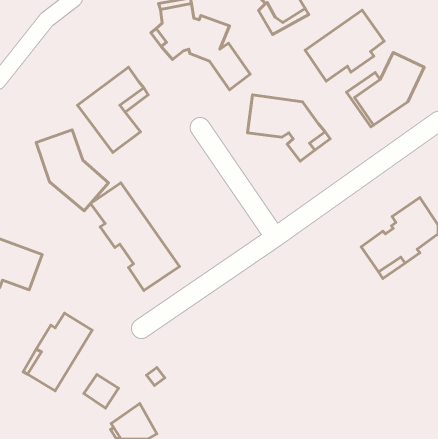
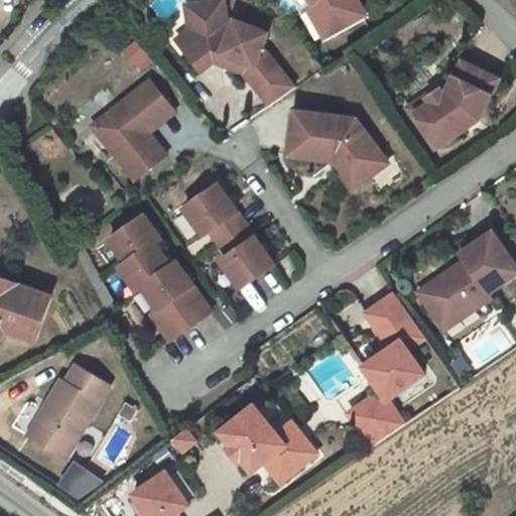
building: [305,10,384,81] -> none
building: [36,130,109,211] -> none
building: none -> [183,183,273,287]
building: none -> [353,293,423,445]
building: none -> [218,408,311,486]
building: [84,374,118,408] -> [58,460,99,499]

